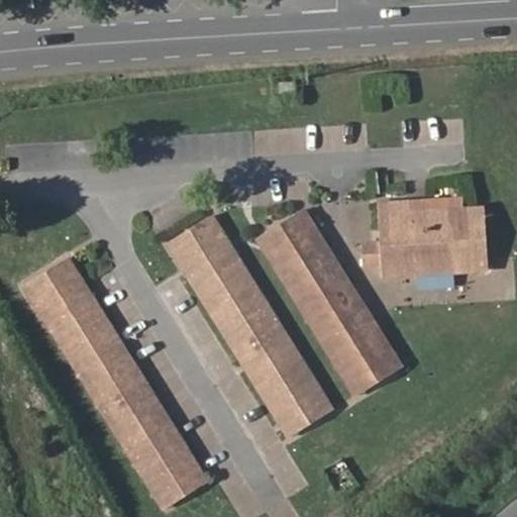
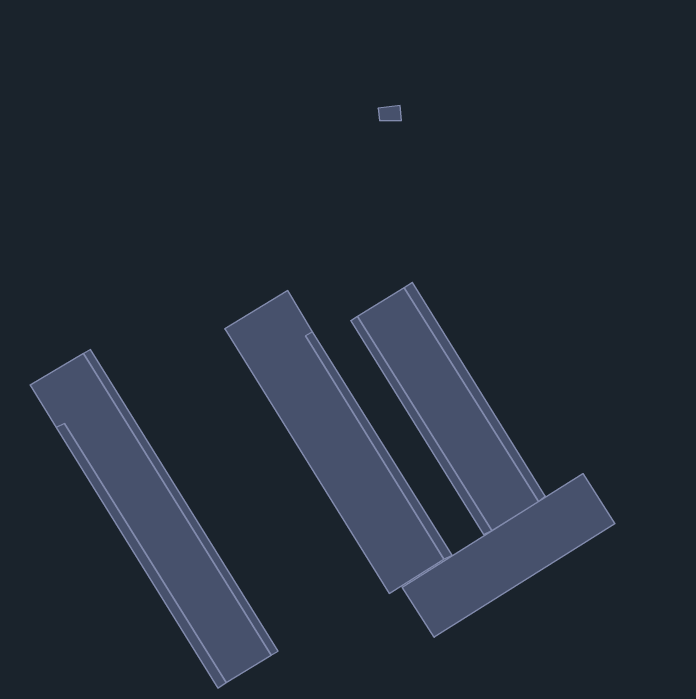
building: [364,197,489,275] -> none
building: none -> [402,474,615,637]

